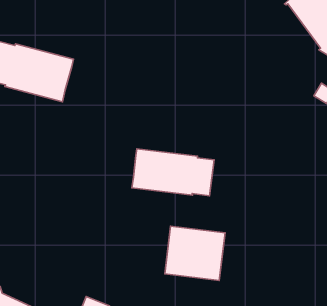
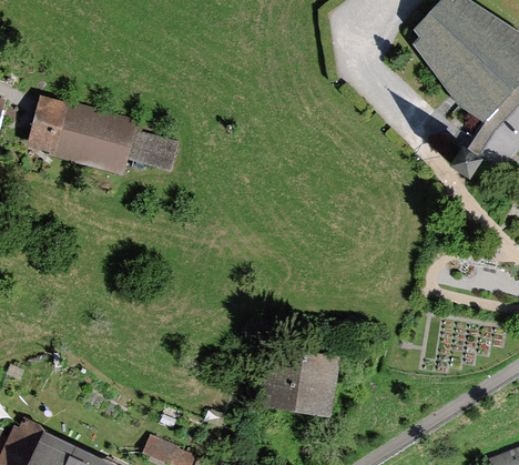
building: none -> [128,131,179,173]
building: [132,149,214,196] -> none

